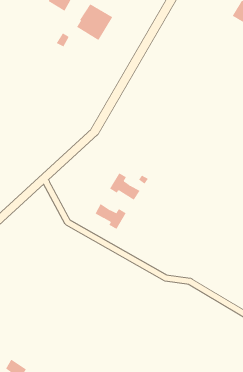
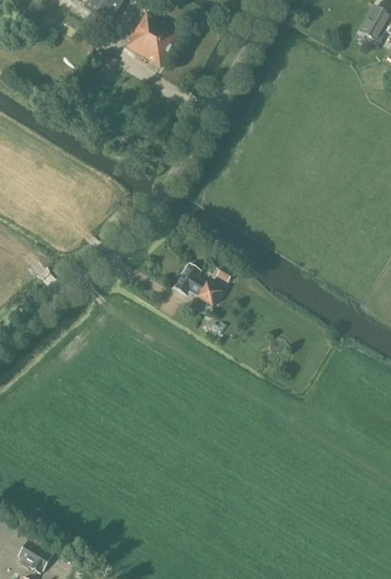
building: [95,203,126,230] -> none

